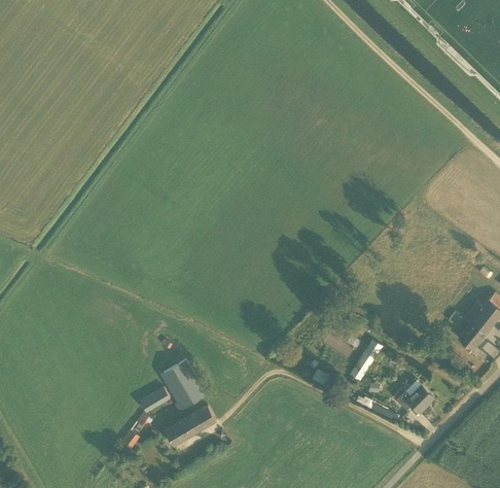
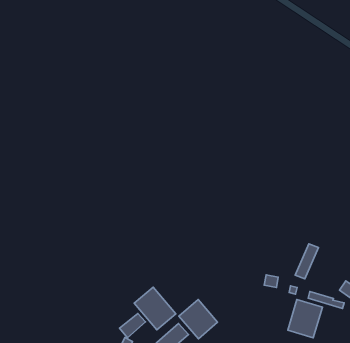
building: none -> [179,300,218,339]
building: none -> [288,300,323,338]

